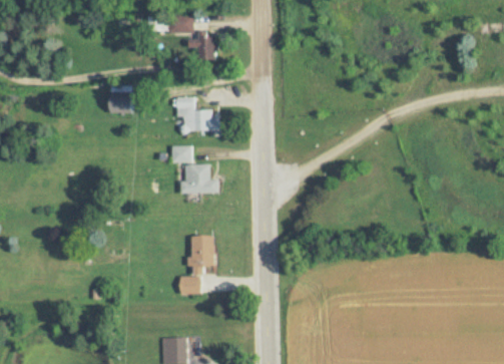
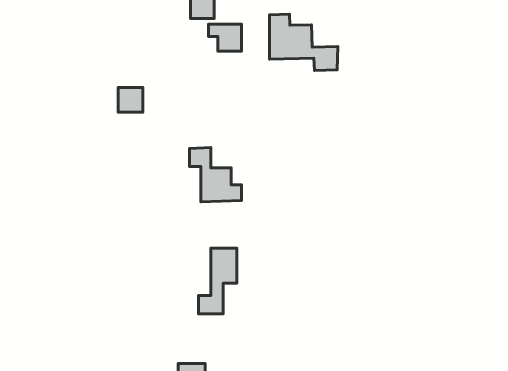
building: none -> [269,14,338,70]
building: [175,98,218,130] -> none

